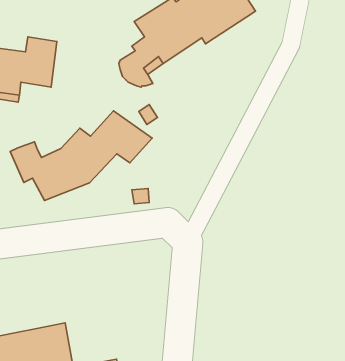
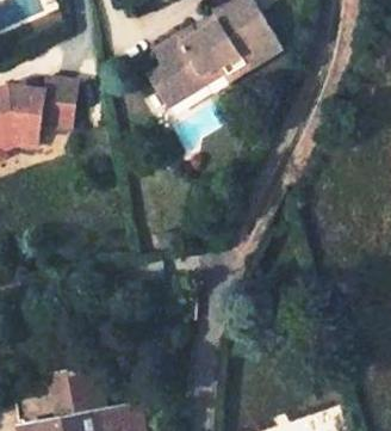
building: [10,111,152,200] -> none

